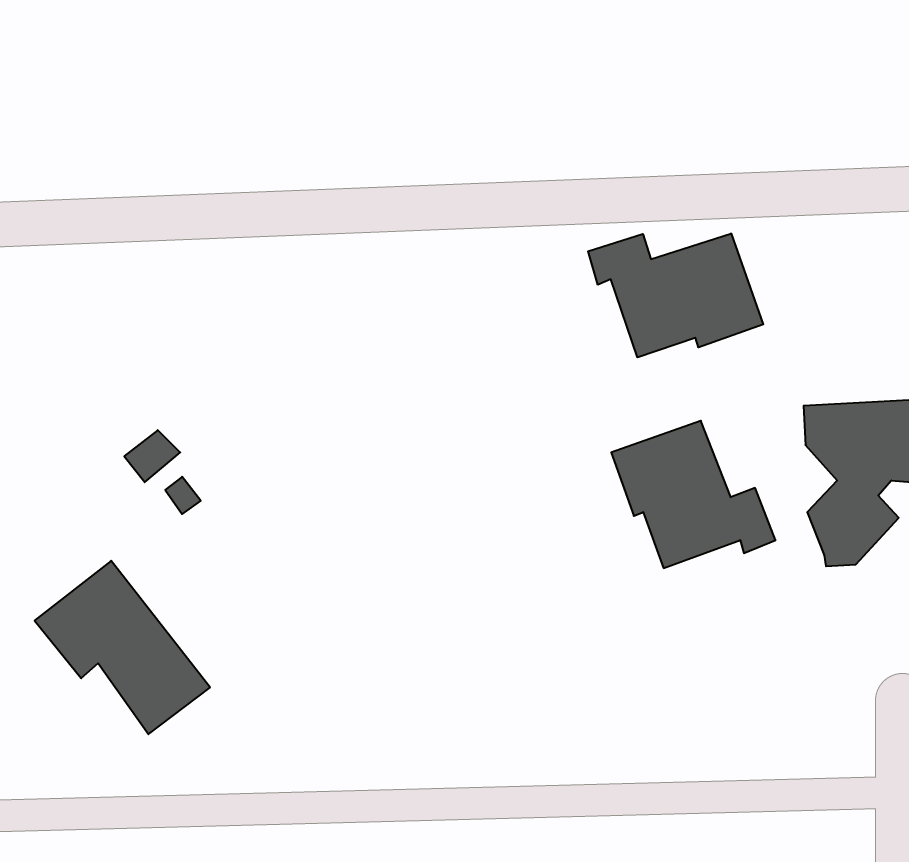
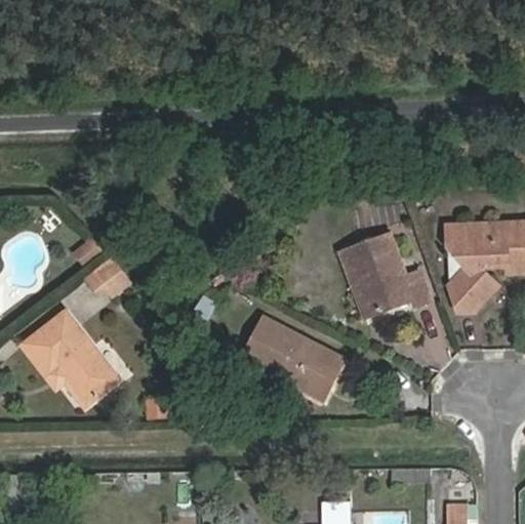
building: [588,233,763,357] -> none
building: none -> [241,317,345,400]

